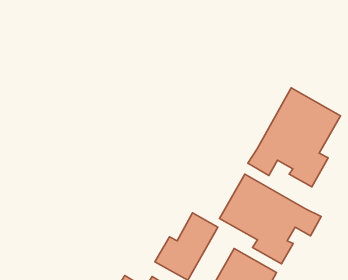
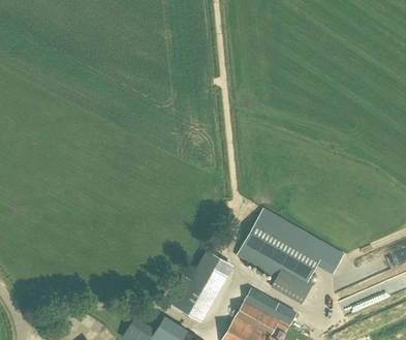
building: [248,88,341,187] -> none

